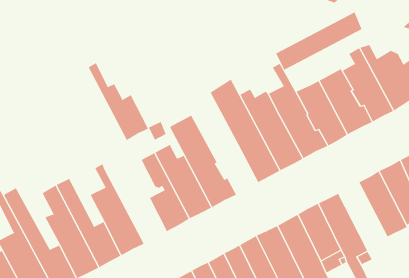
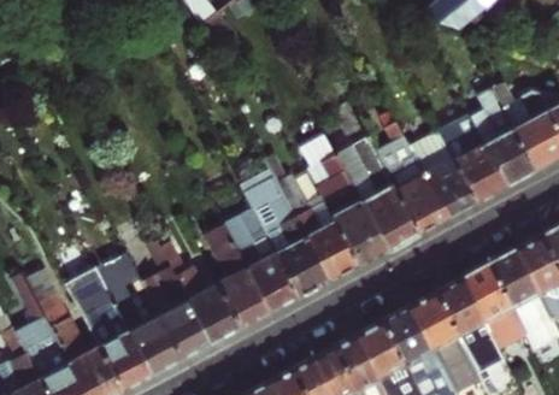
building: [275,12,362,71] -> none
building: [88,62,149,141] -> [160,242,240,344]
building: none -> [265,157,359,281]
building: none -> [464,264,528,350]

